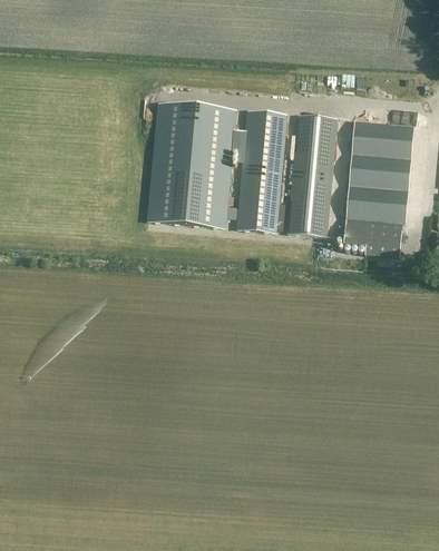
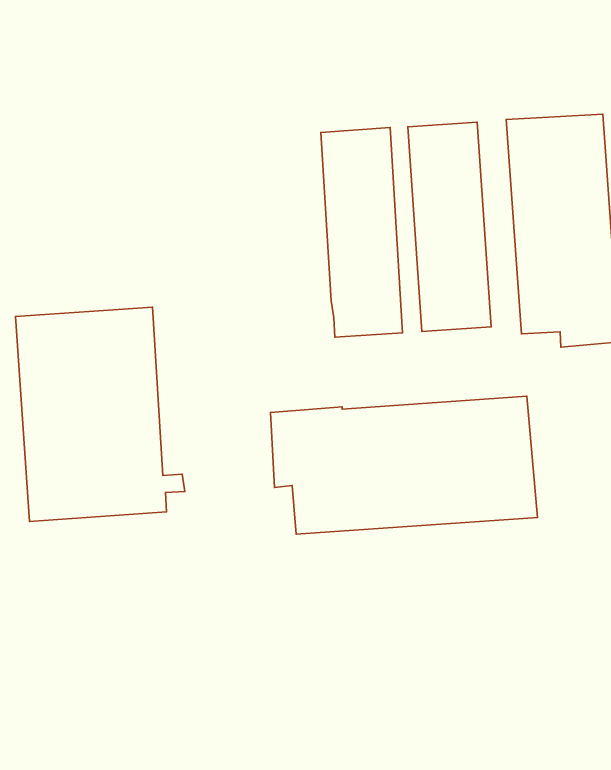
building: [147,102,238,227] -> [16,307,185,521]
building: none -> [271,396,537,534]

